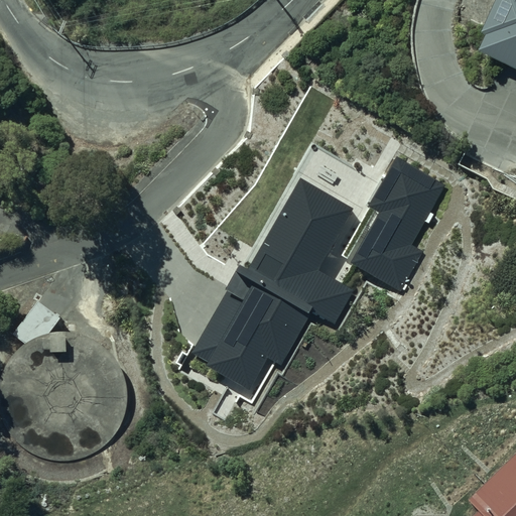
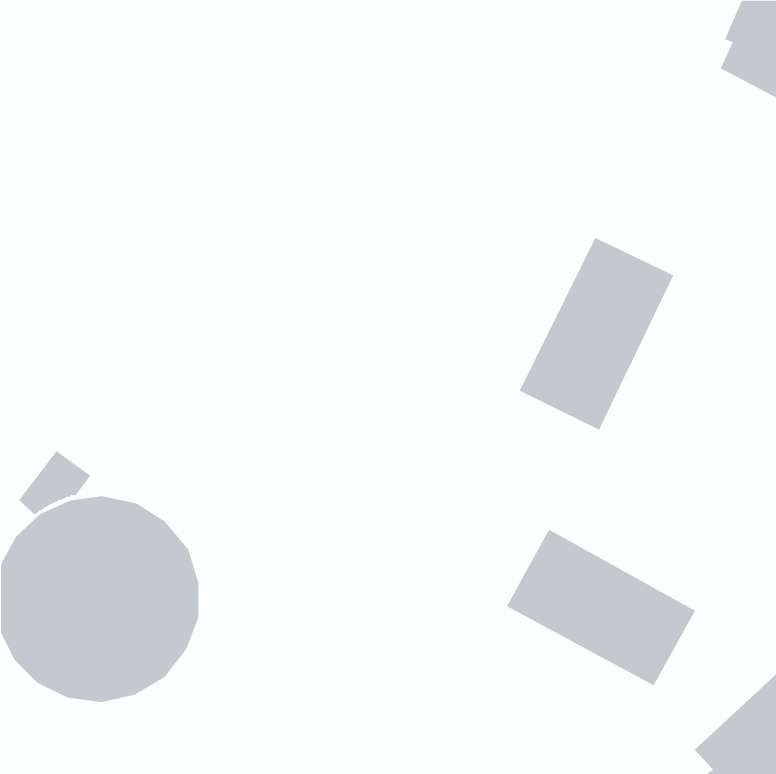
building: [197,175,359,389] -> none
building: none -> [506,529,696,686]

